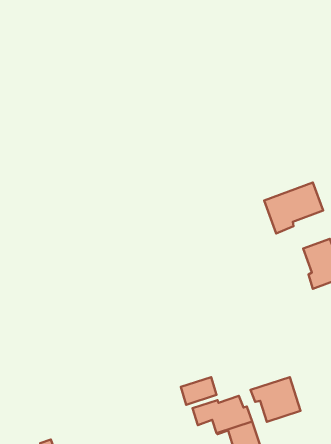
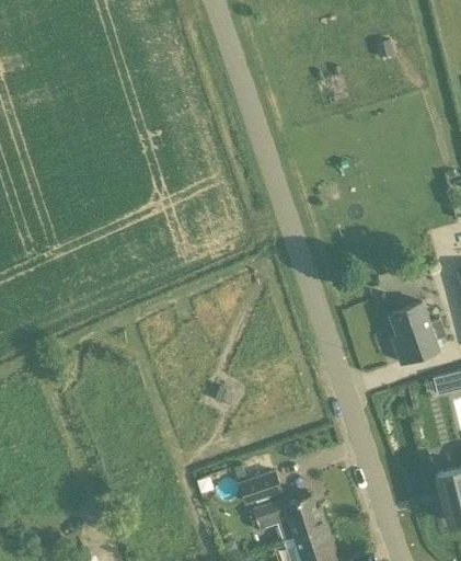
building: [264,183,323,233] -> none
building: [250,377,301,422] -> none

